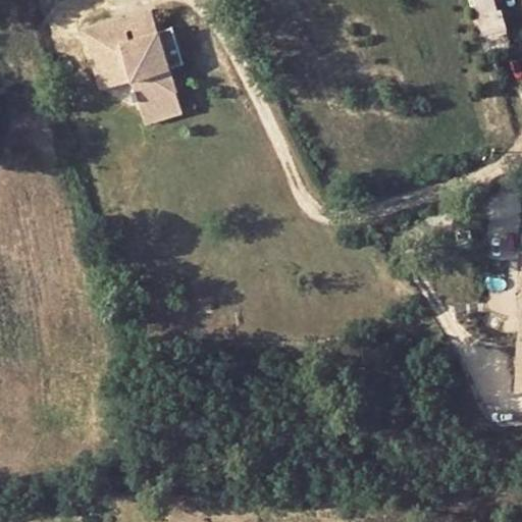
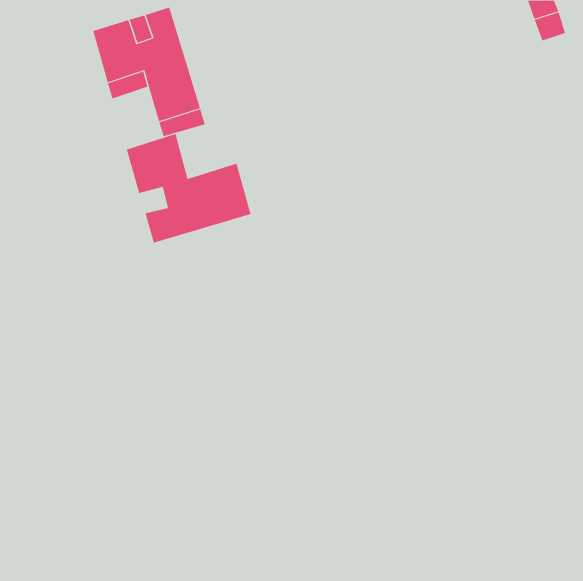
building: none -> [126,133,251,243]

